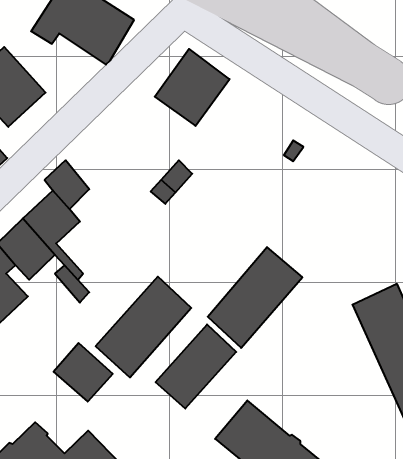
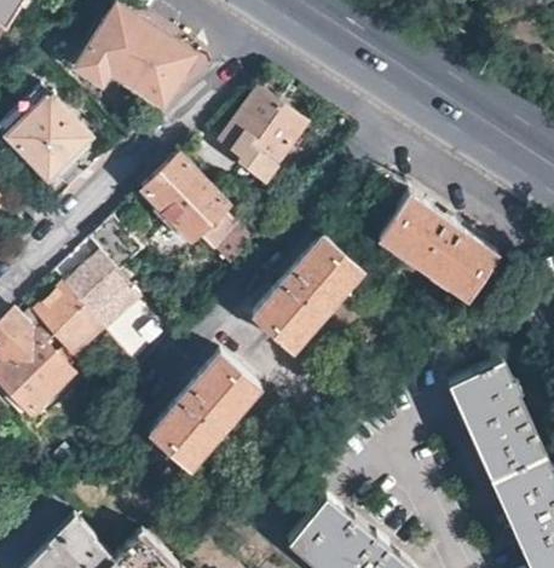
building: none -> [143,156,227,242]
building: none -> [377,196,497,300]
building: [208,247,302,348] -> [253,237,363,354]
building: [156,324,236,409] -> none
building: [54,343,113,402] -> none

